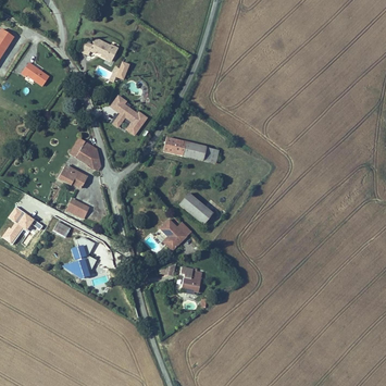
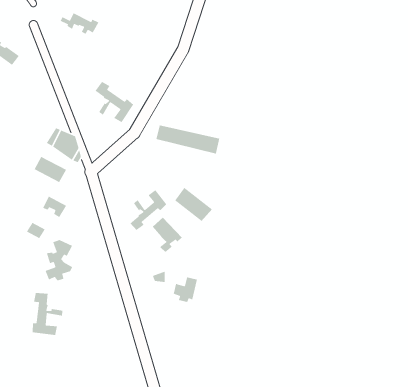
building: none -> [129,189,167,231]
building: none -> [32,292,63,336]

